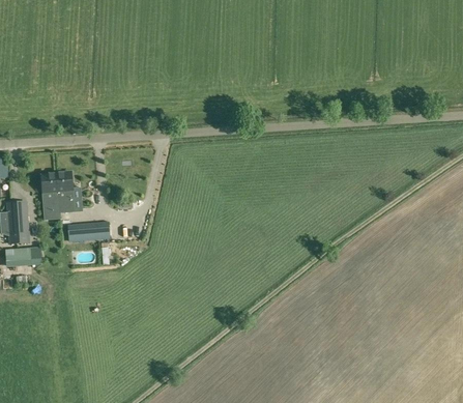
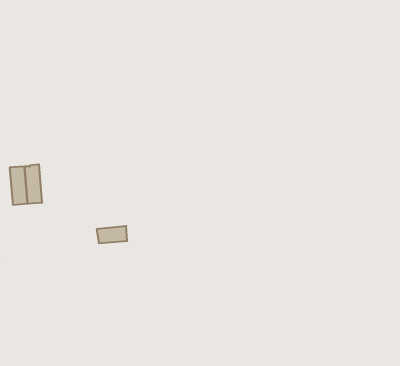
building: [79,224,109,240] -> [97,226,127,243]

